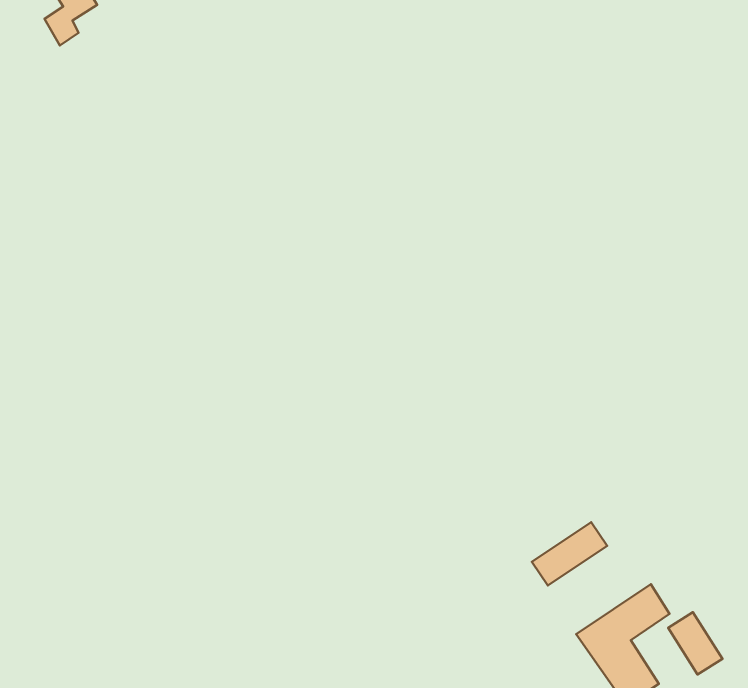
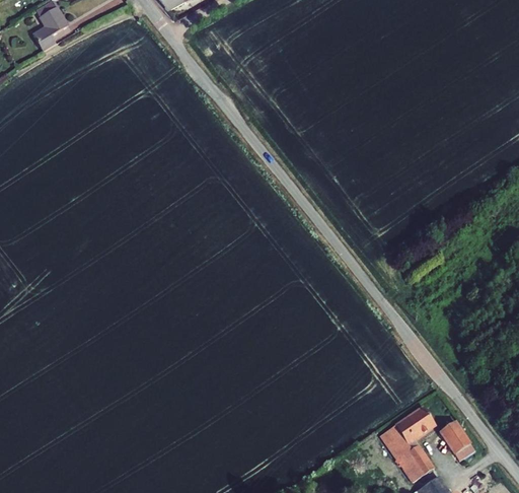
building: [532,522,607,586] -> none

